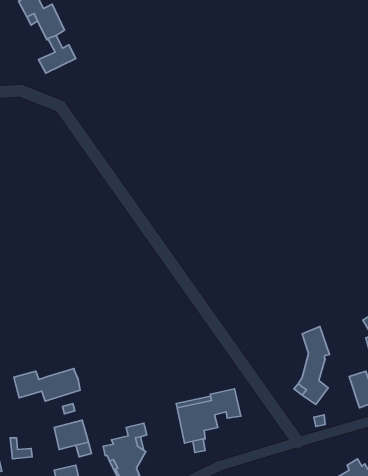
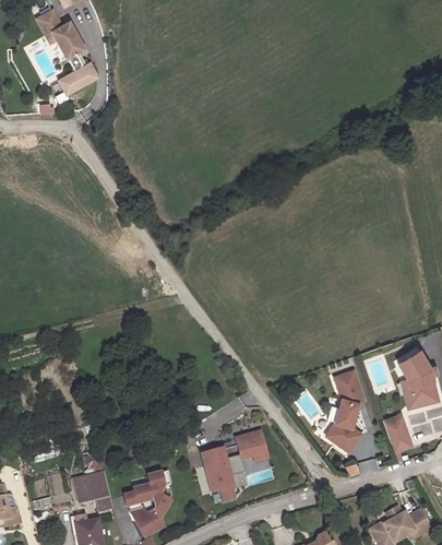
building: [14,369,80,401] -> none

